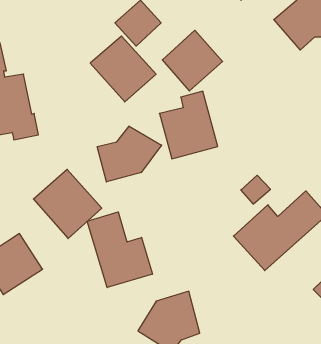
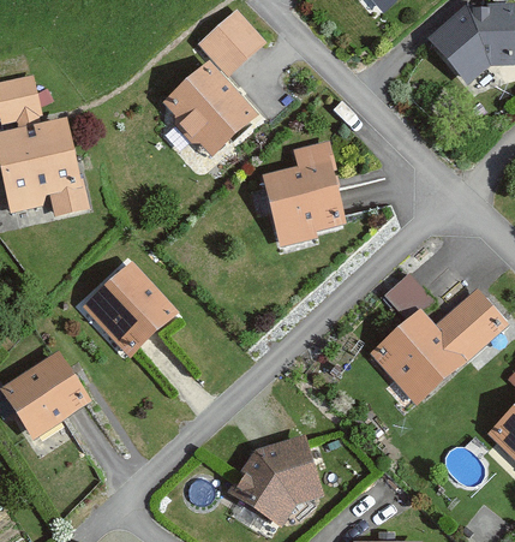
building: [162,30,223,91] -> none
building: [97,126,162,182] -> none
building: [87,212,152,288] -> none

